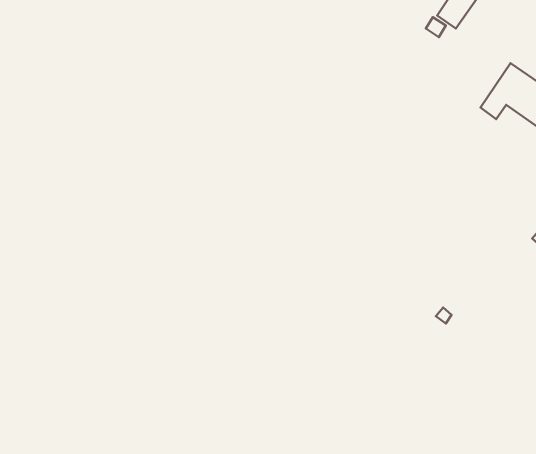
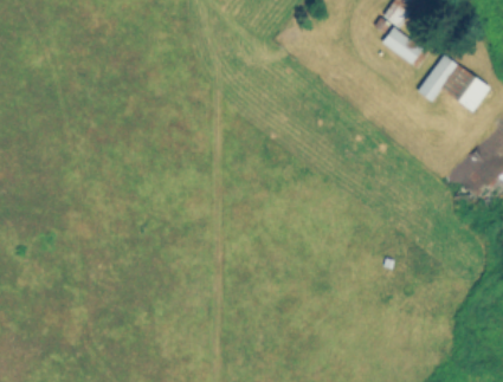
building: none -> [382,25,430,66]

